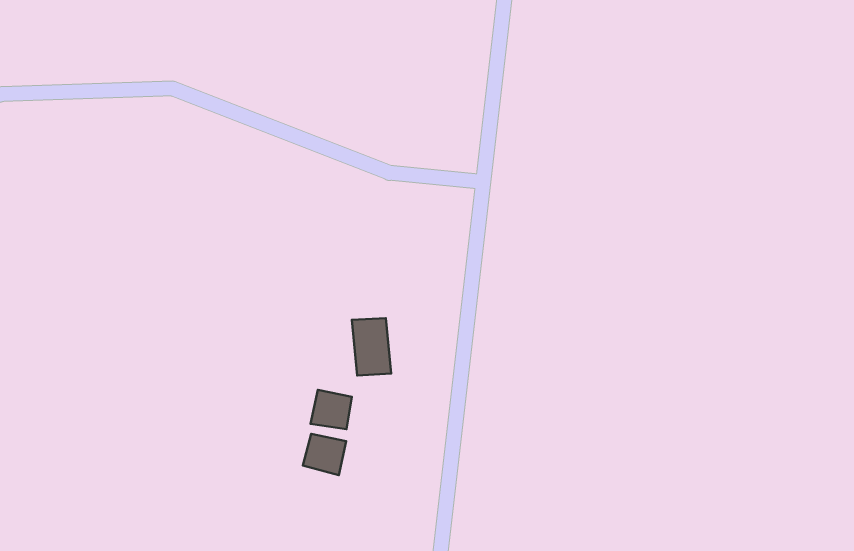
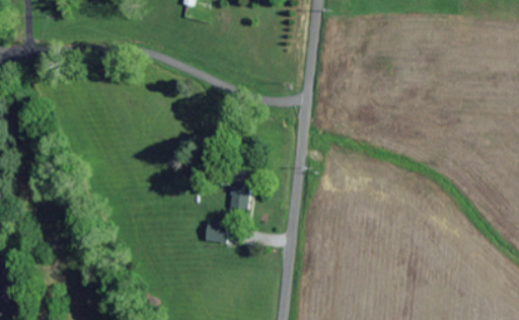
building: [303,434,346,475] -> none

